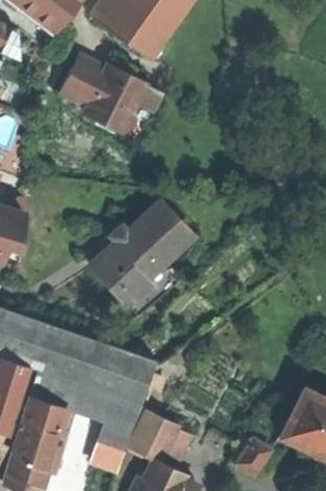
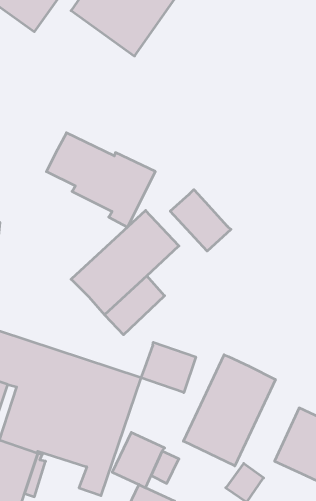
building: [60,54,162,142] -> [46,133,155,227]
building: none -> [170,190,231,251]
building: none -> [141,342,196,393]
building: none -> [183,355,275,466]

